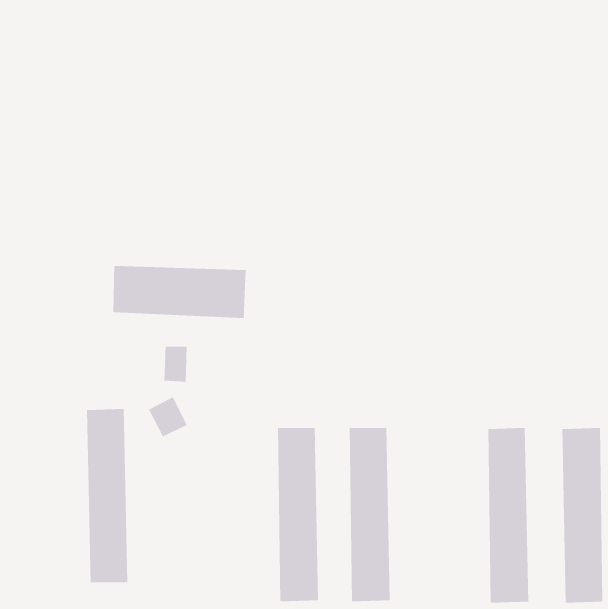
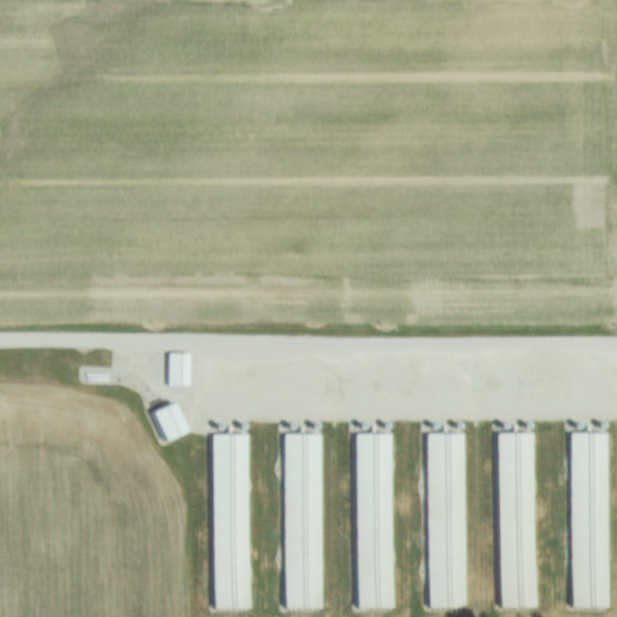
building: [113,265,246,319] -> none
building: [86,408,128,583] -> [208,433,251,609]
building: none -> [425,431,468,609]

